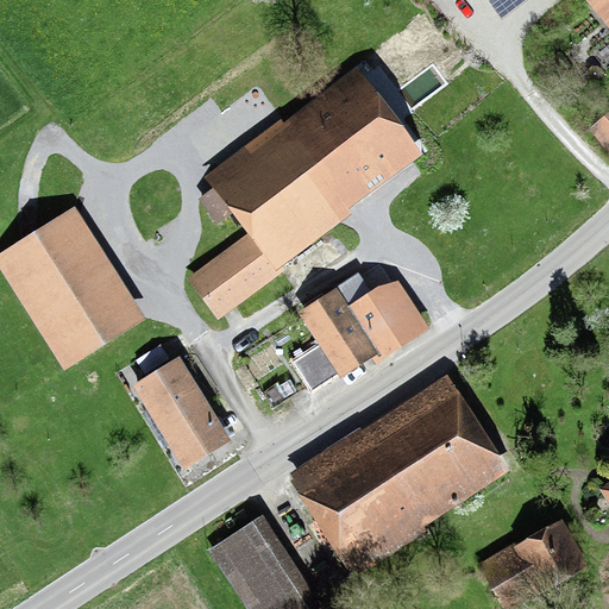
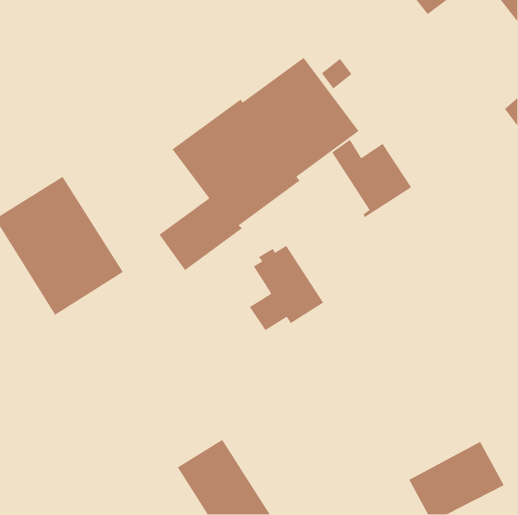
building: [335,271,431,364] -> [331,139,412,218]
building: [115,341,231,471] -> none
building: [284,375,509,582] -> none

